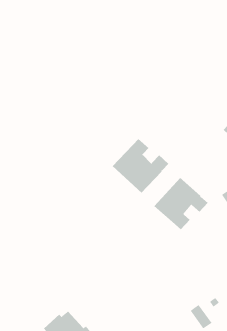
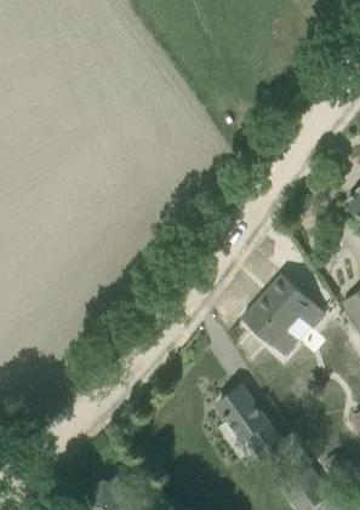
building: [112,138,169,193] -> none
building: none -> [217,386,284,460]

